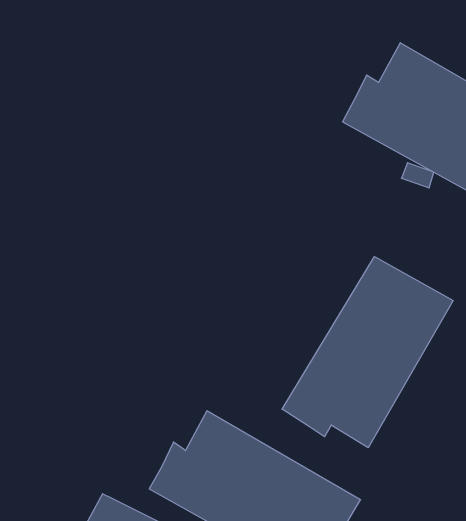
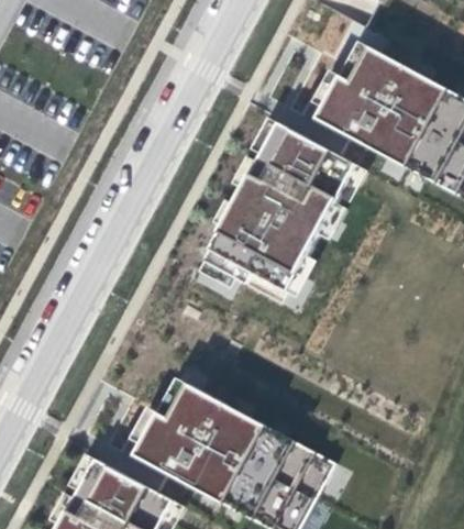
building: none -> [198,125,350,296]
building: [282,257,453,448] -> none

